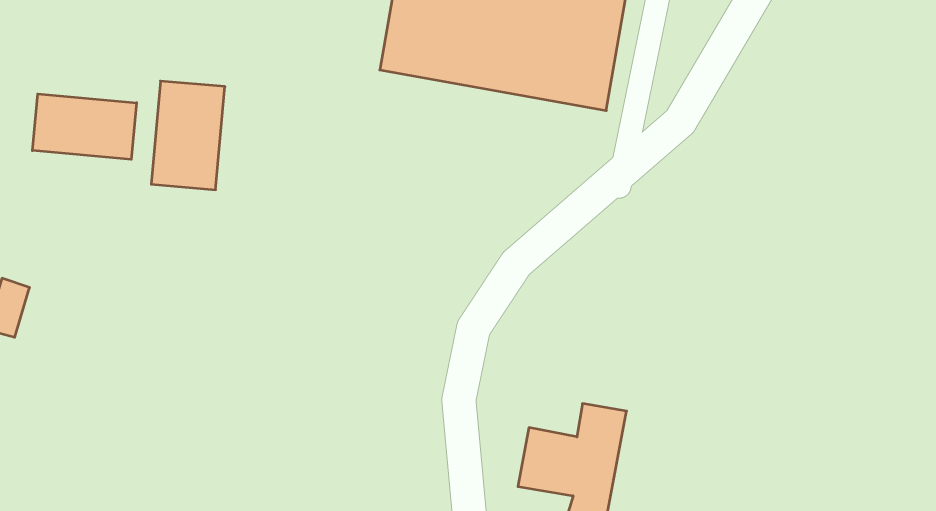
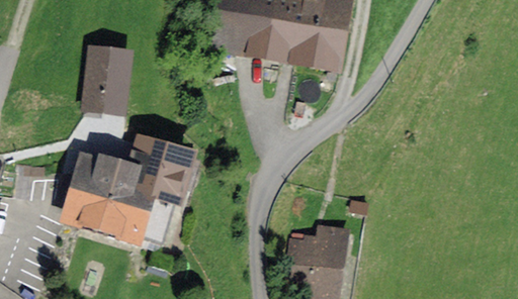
building: [32,94,137,159] -> none
building: none -> [75,144,196,240]

